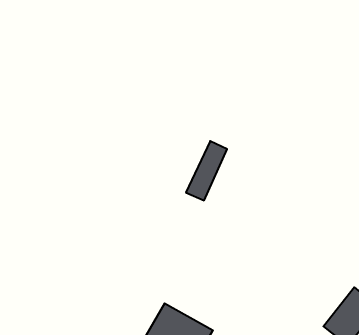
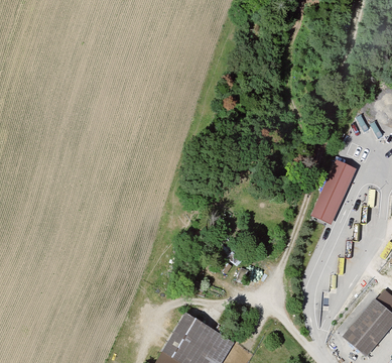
building: [186,141,227,200] -> [313,167,355,227]

